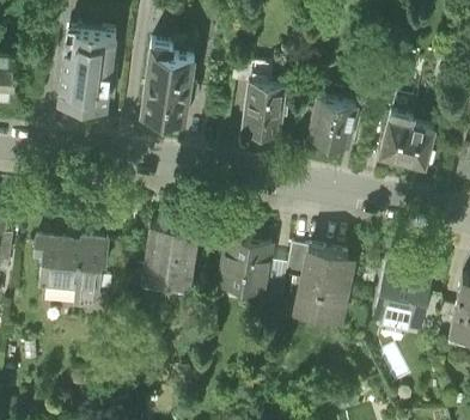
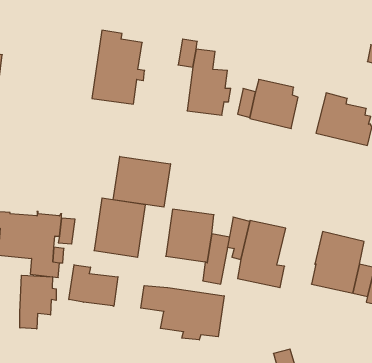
building: [57,30,116,111] -> none
building: none -> [113,156,170,207]
building: none -> [69,265,118,306]
building: none -> [20,275,56,329]
building: none -> [141,286,224,340]

